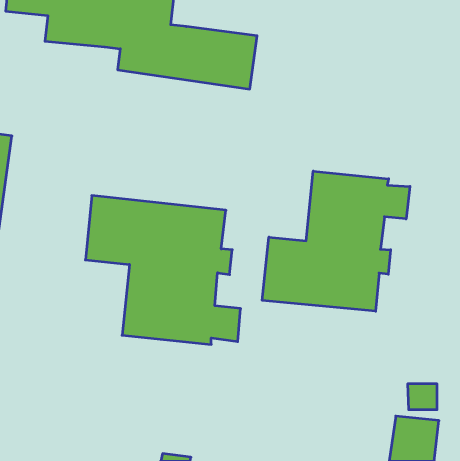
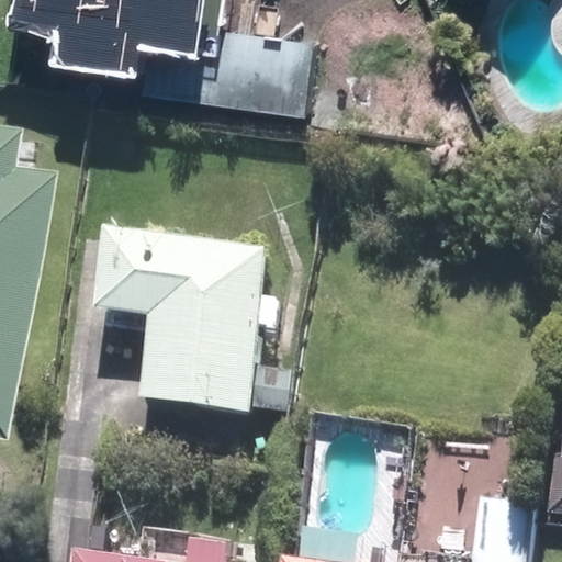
building: [262,171,410,311] -> none

